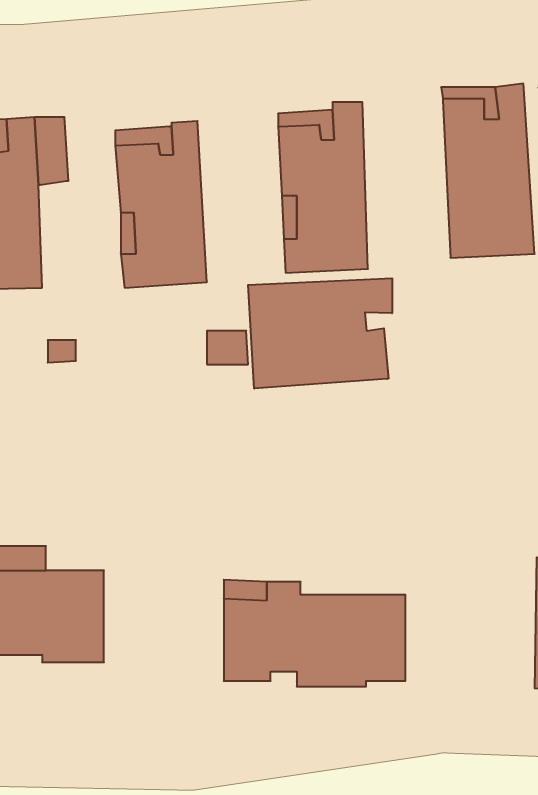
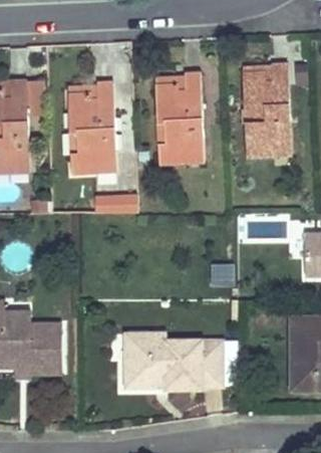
building: [248,278,392,389] -> none

